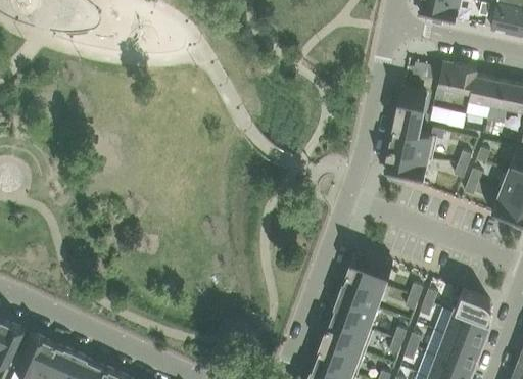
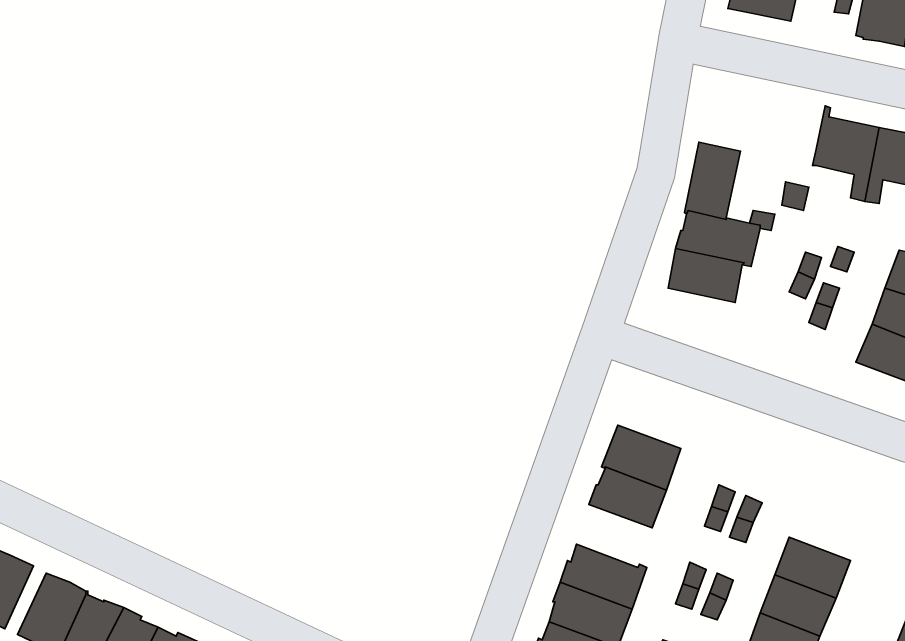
building: [435,62,474,101] -> none
building: [454,289,492,326] -> none
building: [333,294,376,330] -> none

